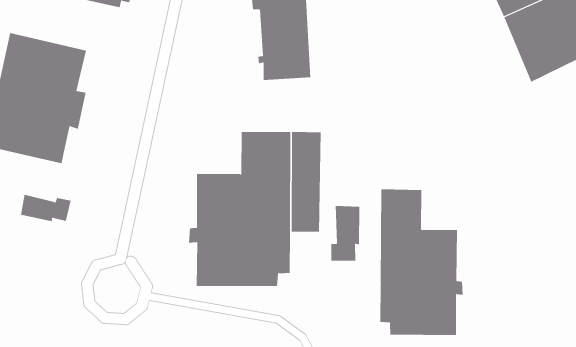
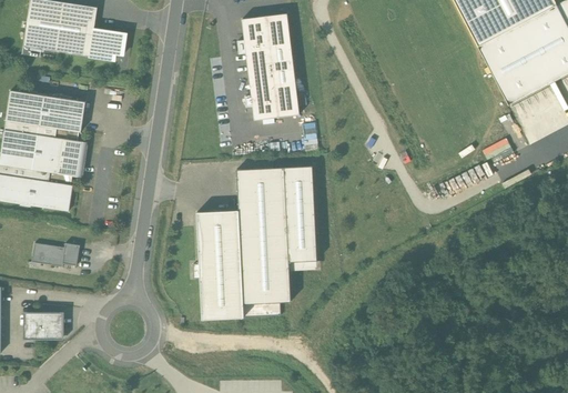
building: [380,189,463,336] -> none
building: [331,205,360,262] -> none
building: none -> [23,312,64,339]

